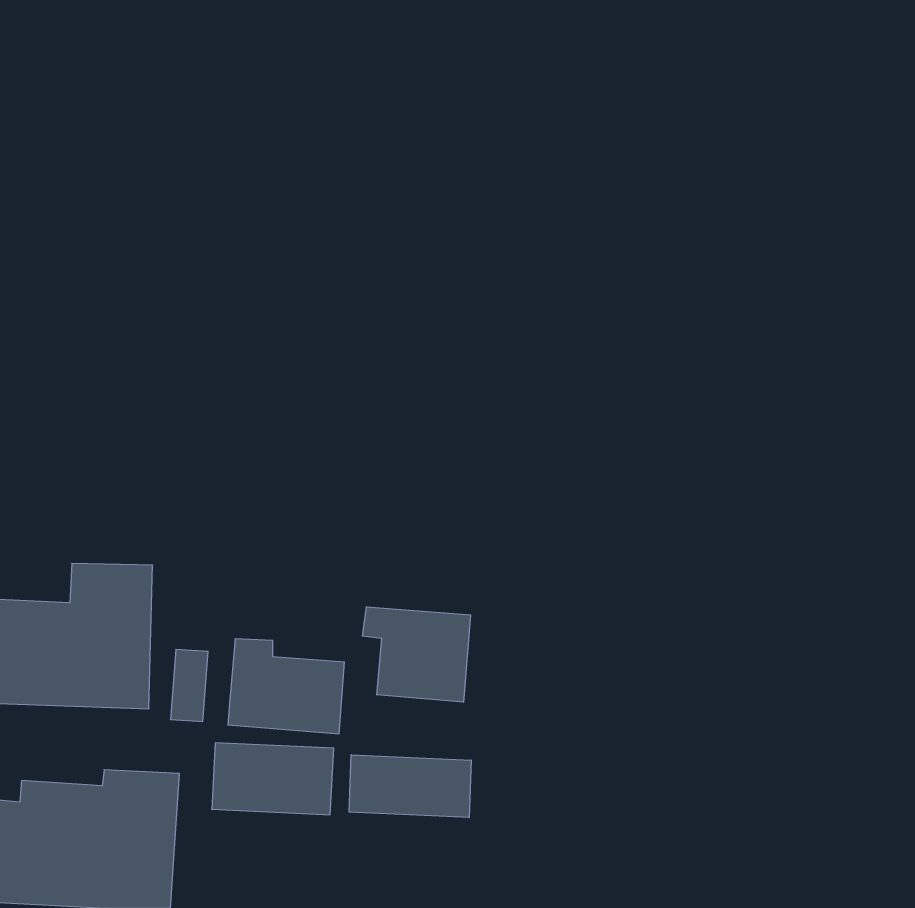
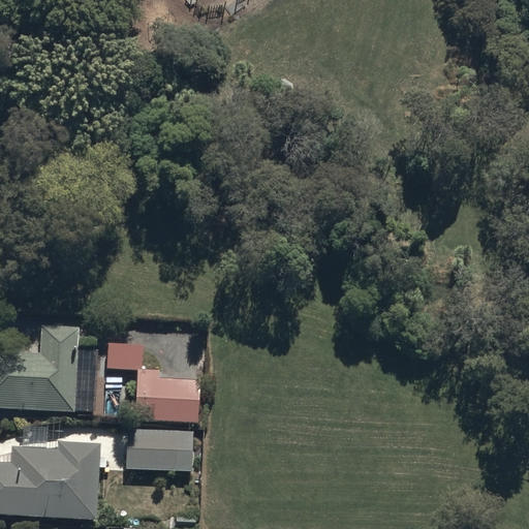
building: [363,607,471,702] -> none
building: [349,755,471,818] -> none

